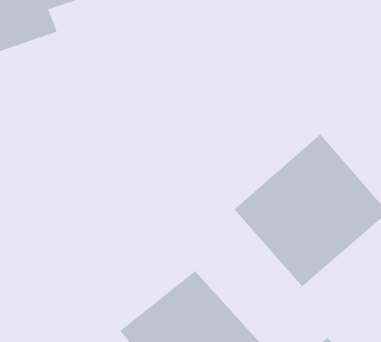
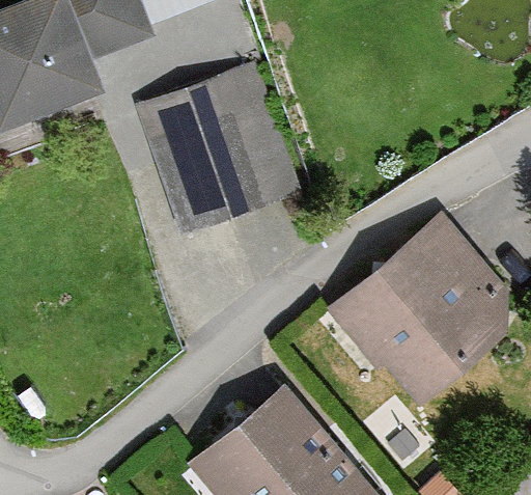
building: none -> [138,72,289,233]

